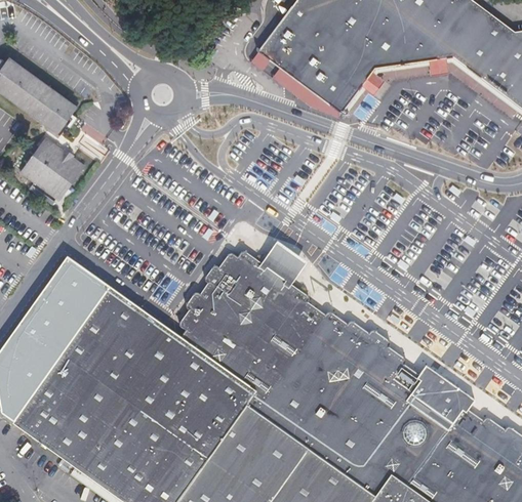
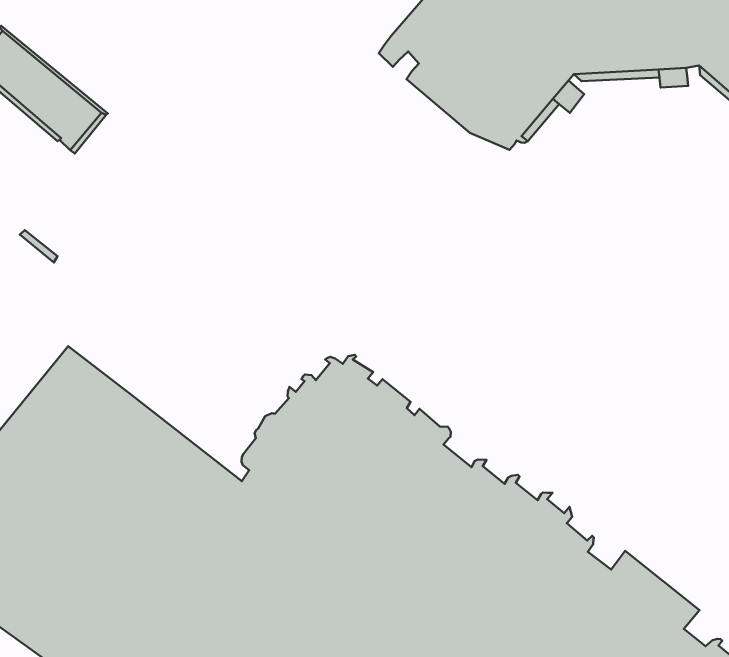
building: [23,138,86,201] -> none
building: [257,242,306,289] -> none

